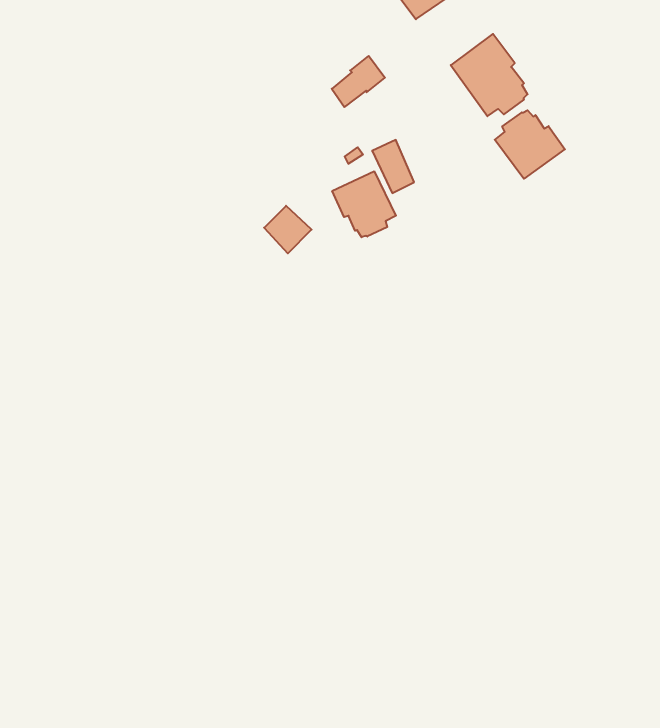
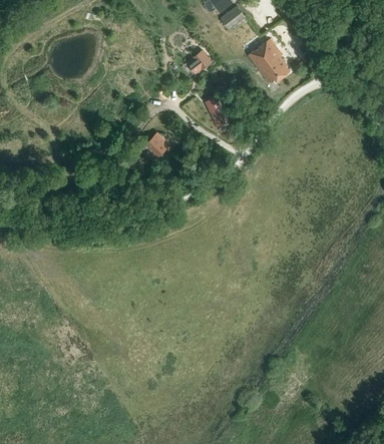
building: [495,110,565,179] -> none
building: [332,171,396,237] -> none

